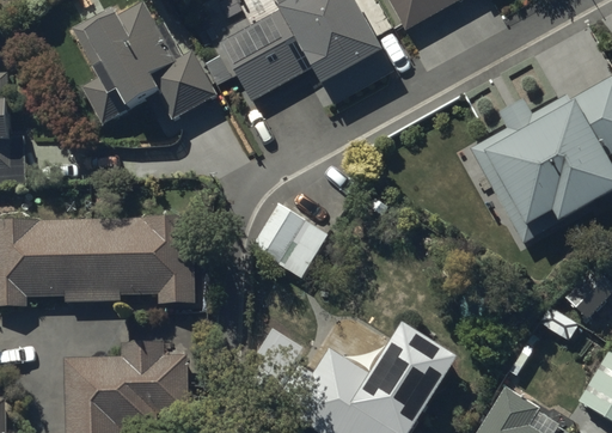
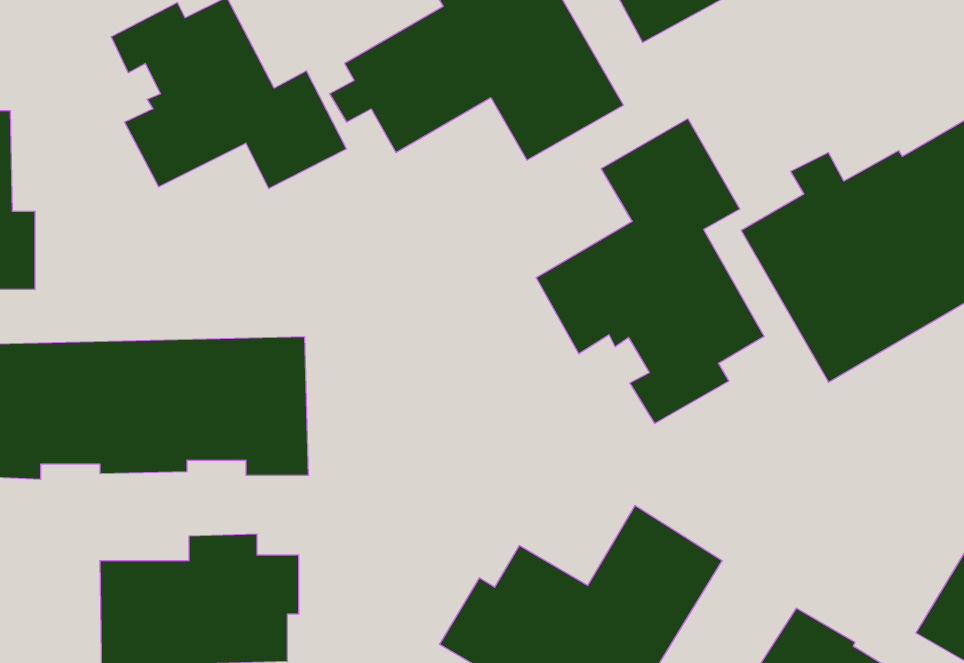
building: none -> [536,119,764,424]
building: [252,202,329,276] -> none

